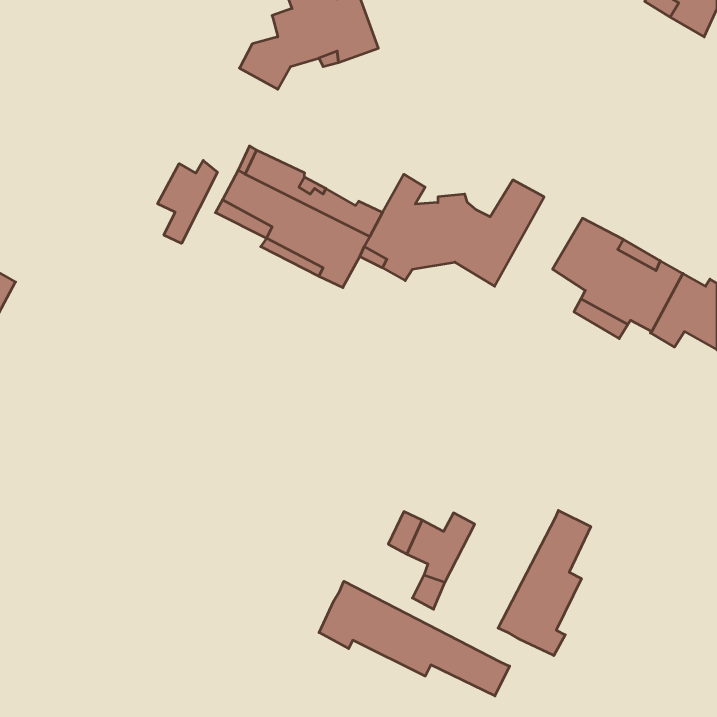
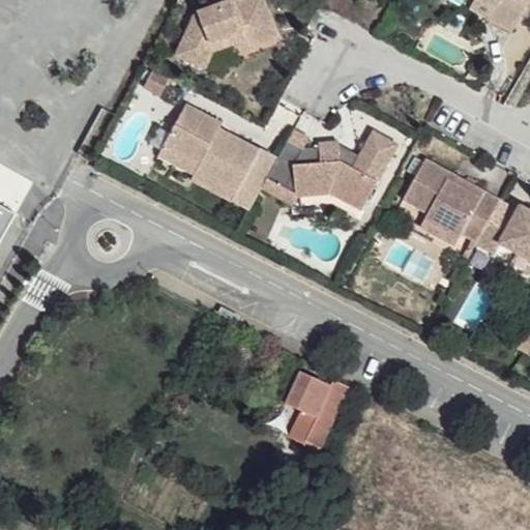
building: [158,160,217,243] -> none
building: [498,510,591,656] -> none
building: [319,581,510,696] -> none

